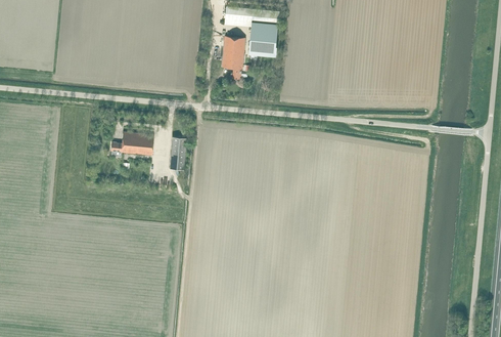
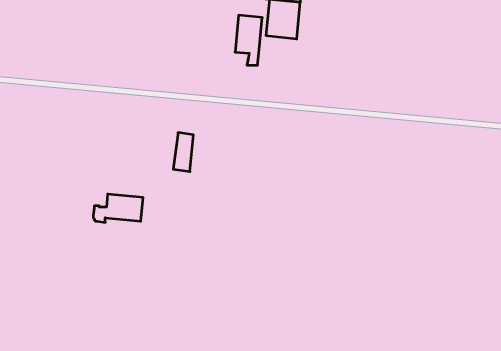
building: [110,132,153,157] -> [93,194,143,222]

